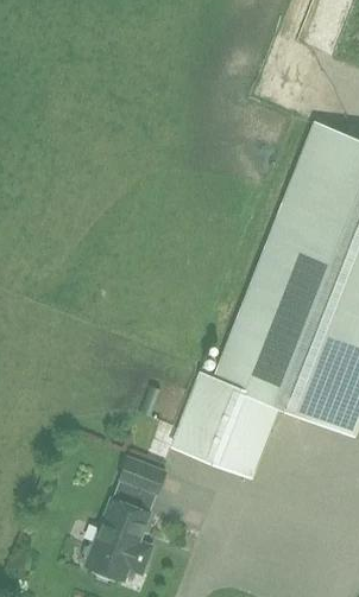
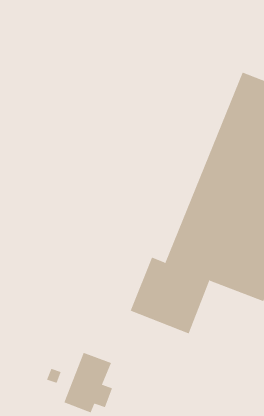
building: [120,456,165,491] -> none

